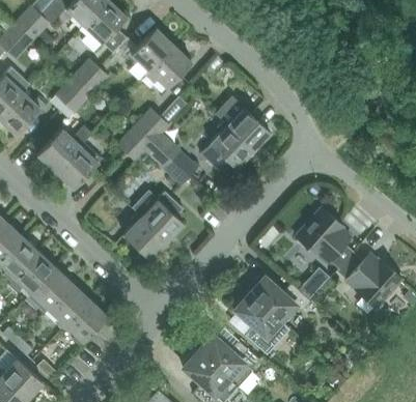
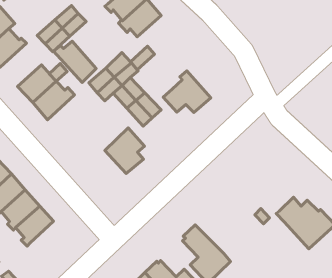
building: [217,97,270,150] -> none
building: none -> [54,41,96,83]
building: [296,208,354,269] -> none
building: [122,214,166,260] -> none
building: [247,278,311,321] -> none
building: [65,300,107,346] -> none

